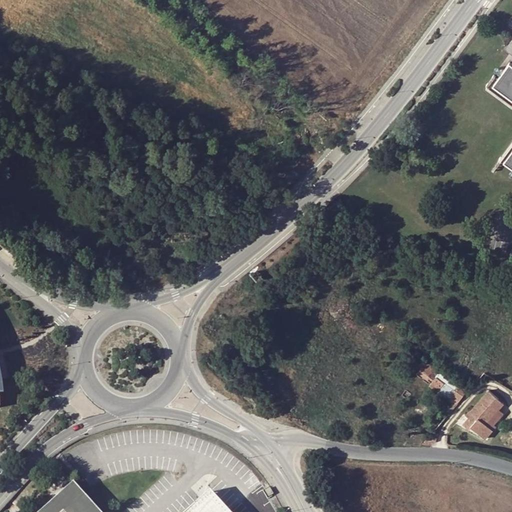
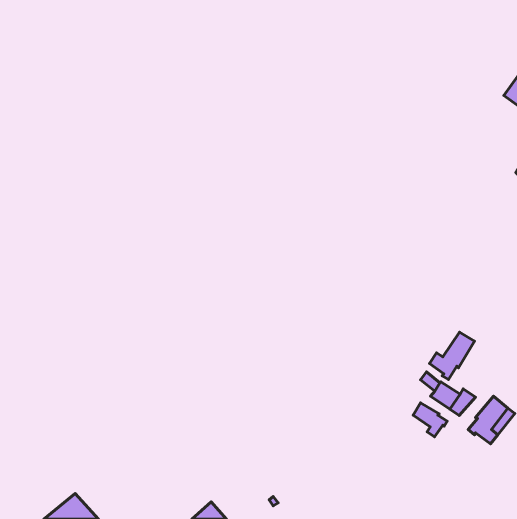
building: none -> [429,332,475,380]
building: none -> [413,403,447,437]

